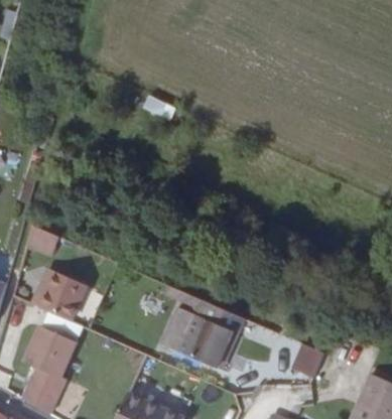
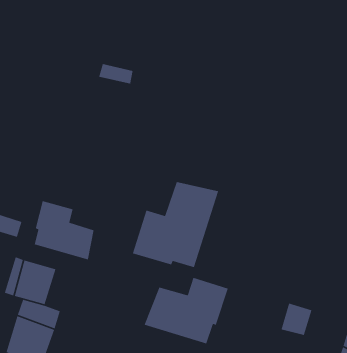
building: none -> [132,181,219,268]
building: none -> [34,200,94,261]

